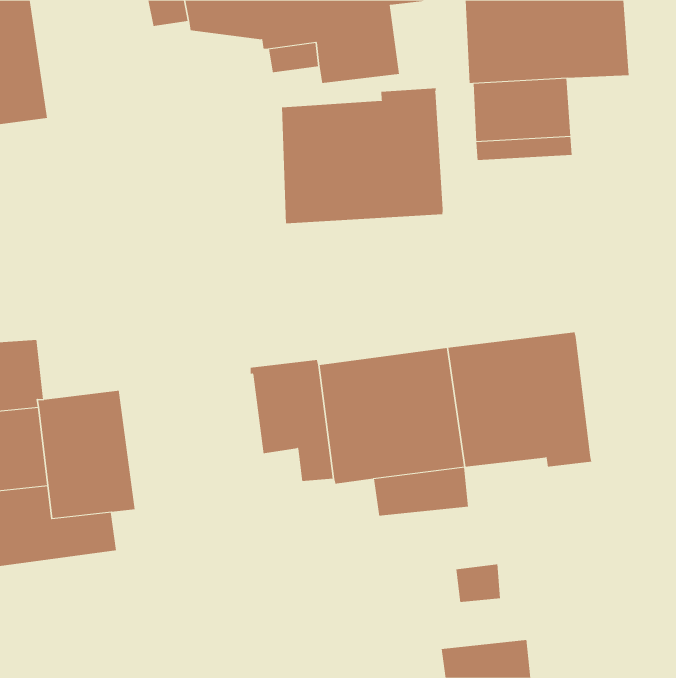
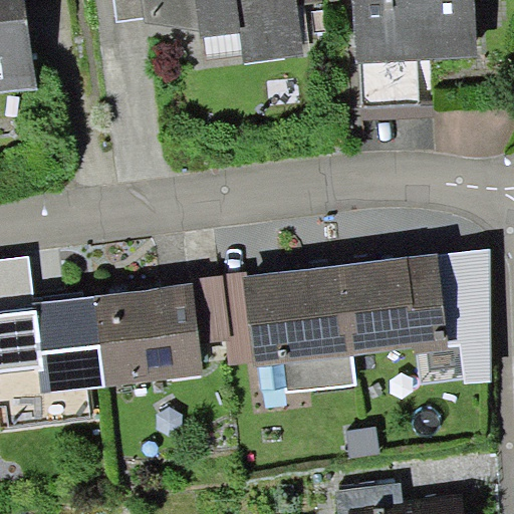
building: [281,88,443,224] -> none
building: none -> [436,248,491,384]
building: none -> [90,283,202,386]

